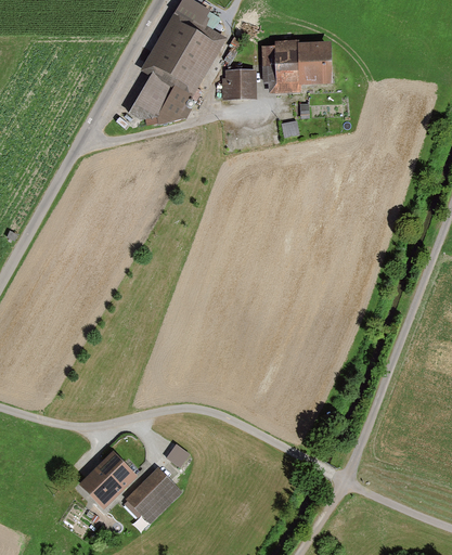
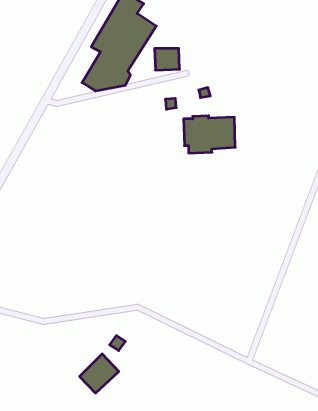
building: [263,41,331,90] -> [184,116,235,153]
building: [79,452,133,504] -> none

